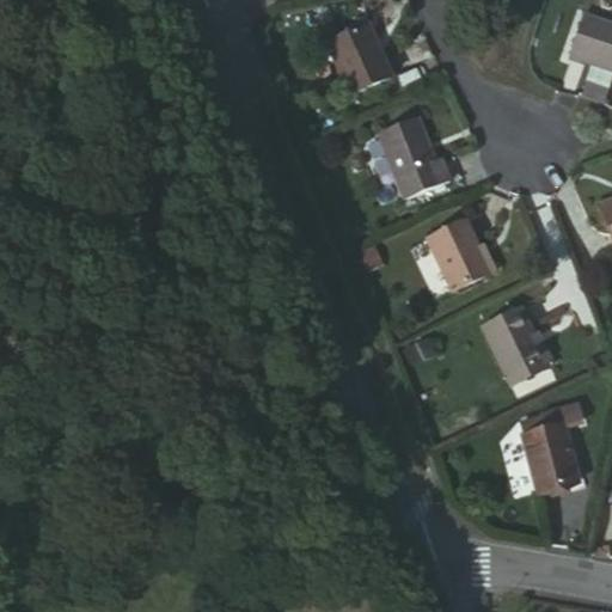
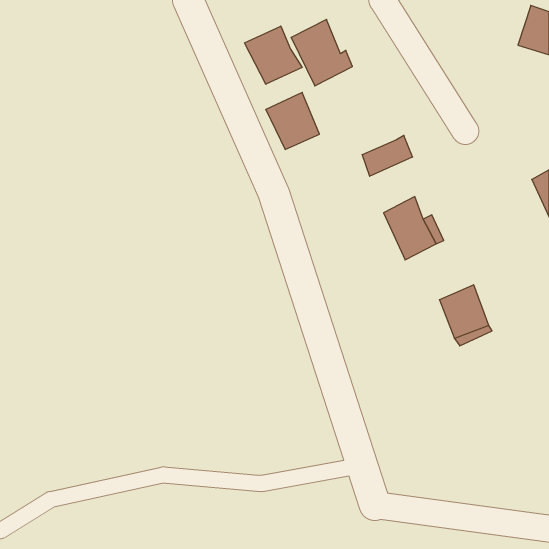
building: none -> [245,26,302,84]
building: [381,109,441,172] -> [266,92,319,149]
building: [522,422,582,492] -> none

